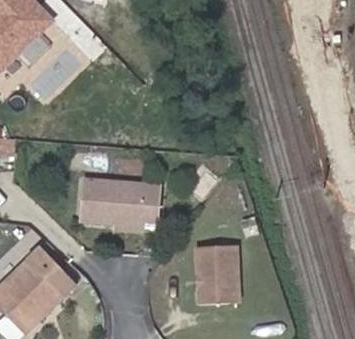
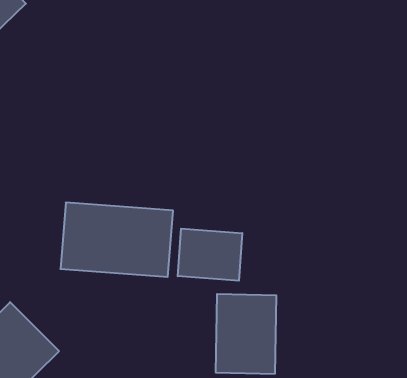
building: none -> [178,229,242,281]

